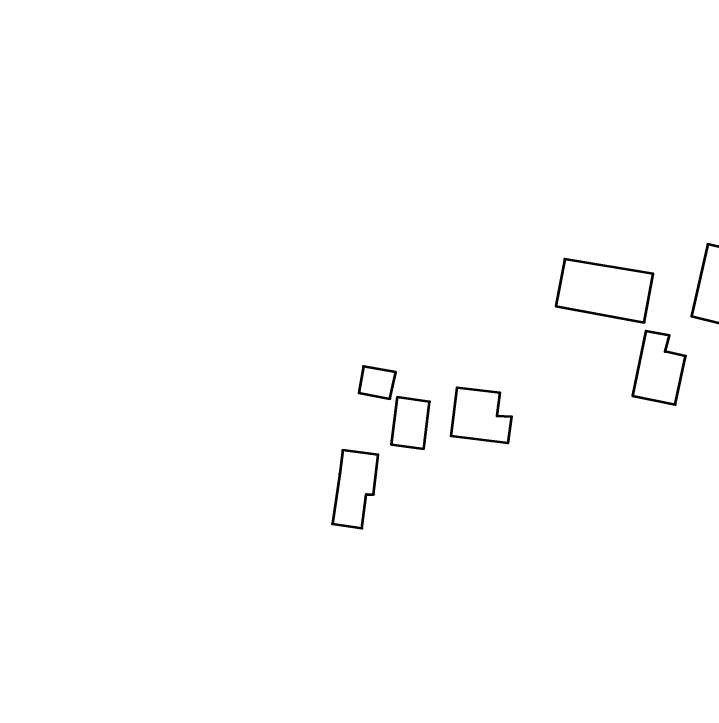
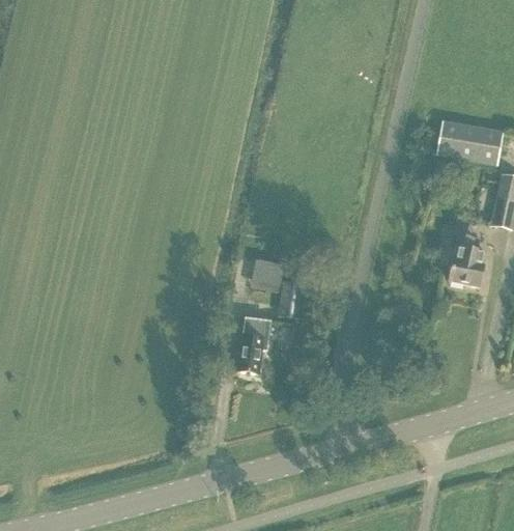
building: [556,259,653,322] -> [435,120,504,165]
building: [451,388,512,443] -> none

